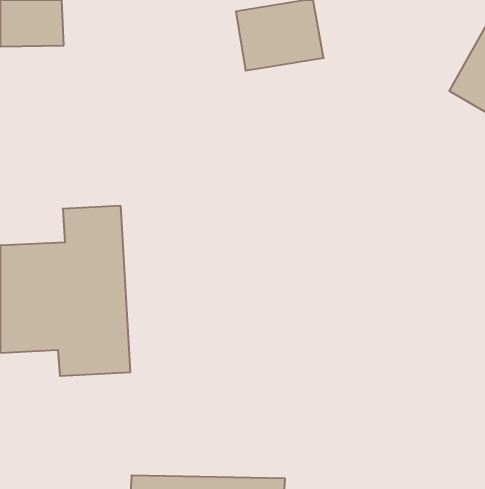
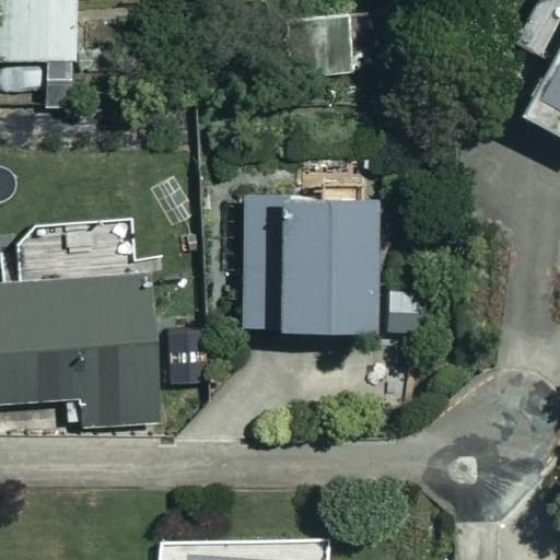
building: none -> [246,167,373,326]

